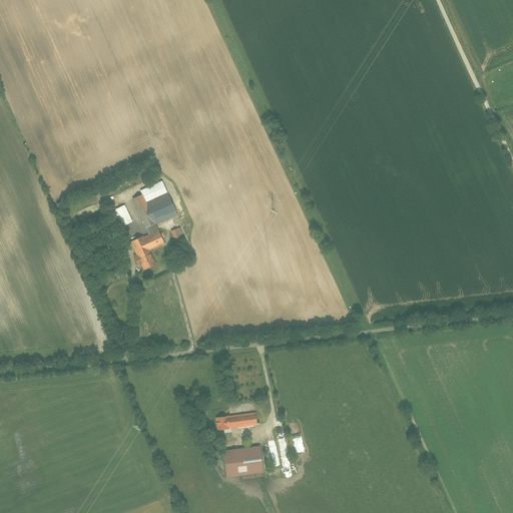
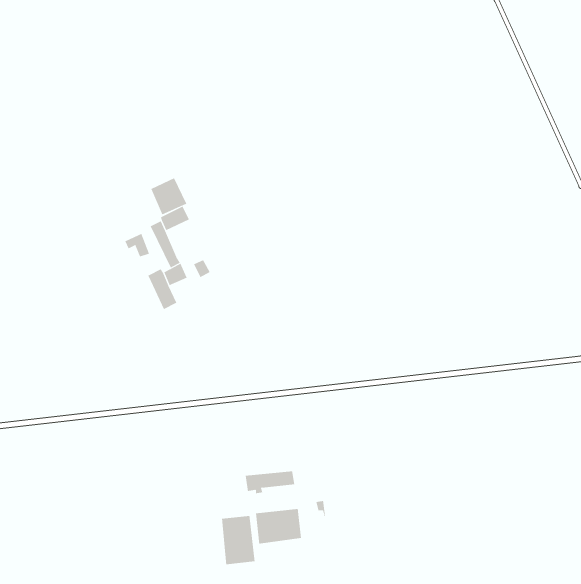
building: [145,192,177,225] -> [151,178,187,215]
building: none -> [221,515,255,565]

